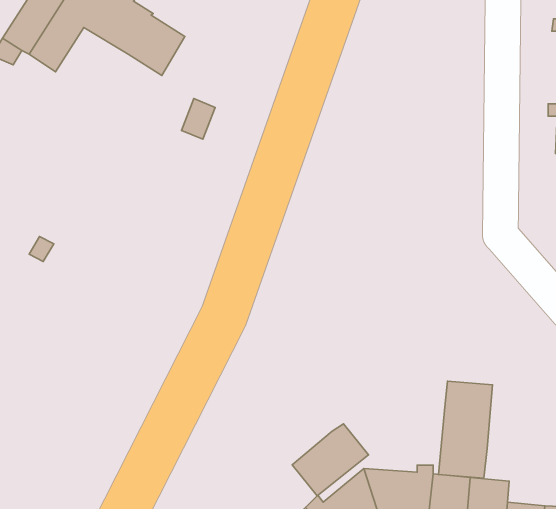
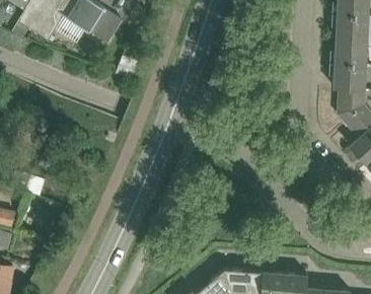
building: [438,381,493,478] -> none
building: [292,424,369,496] -> none

